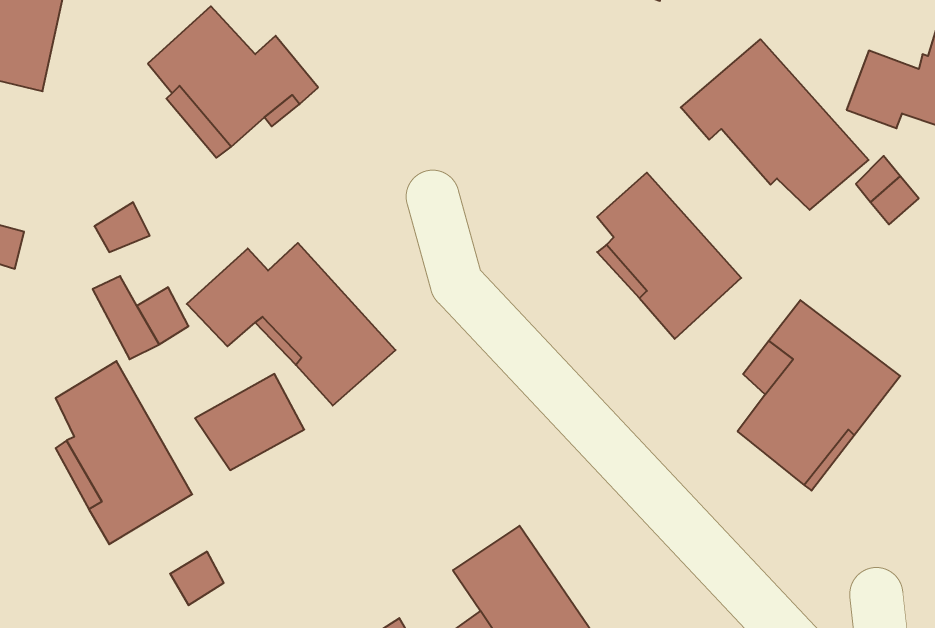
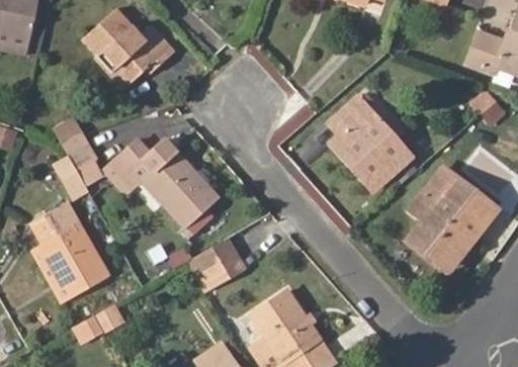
building: [681,39,869,210] -> none
building: none -> [62,132,99,171]
building: [195,374,304,470] -> [184,237,244,289]

